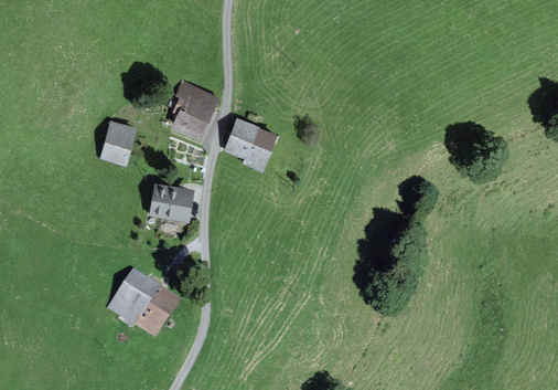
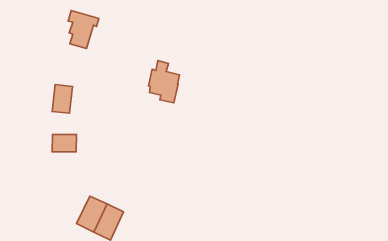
building: [174,82,216,134] -> [68,10,99,48]
building: [152,188,186,214] -> [52,135,76,152]

